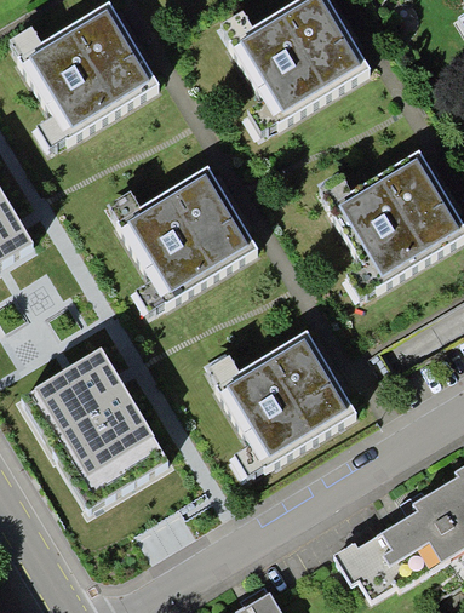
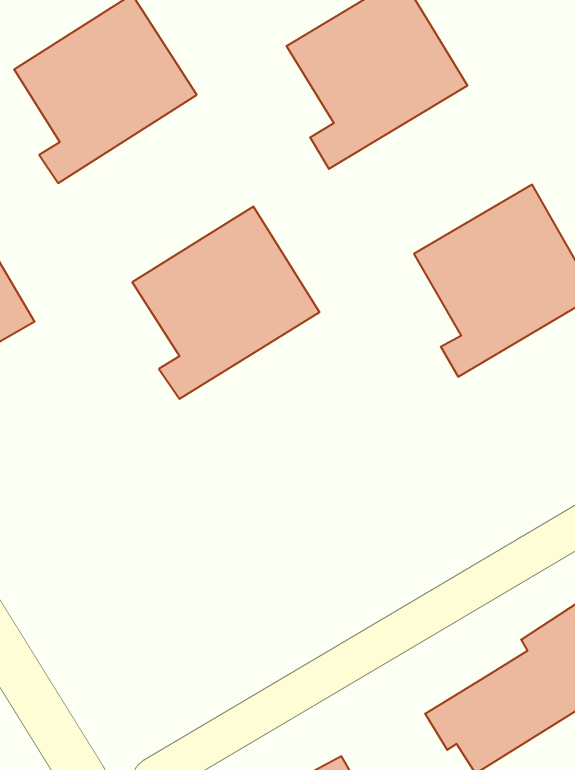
building: [213,330,355,479] -> none
building: [19,348,177,519] -> none

